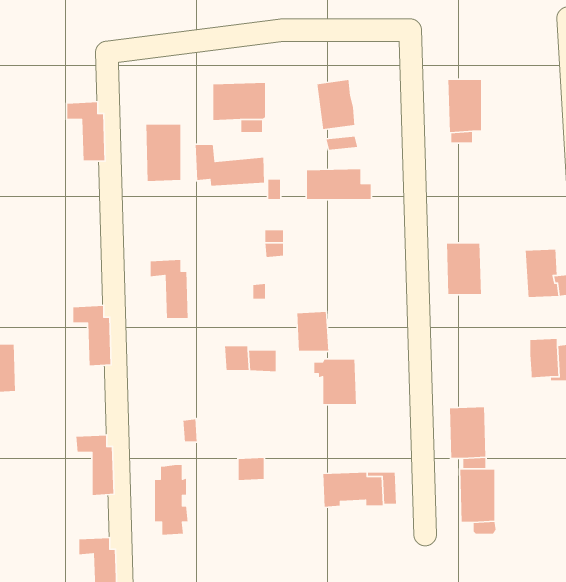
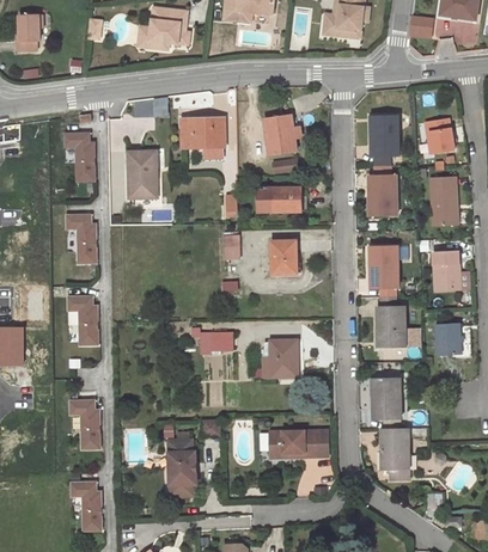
building: none -> [425,119,453,153]
building: [195,144,265,187] -> none
building: none -> [368,174,396,216]
building: none -> [429,177,456,225]
building: [150,259,189,319] -> [66,215,97,263]
building: [297,311,329,351] -> [270,240,297,272]
building: none -> [376,305,404,346]
building: [154,464,188,536] -> [170,440,197,497]

